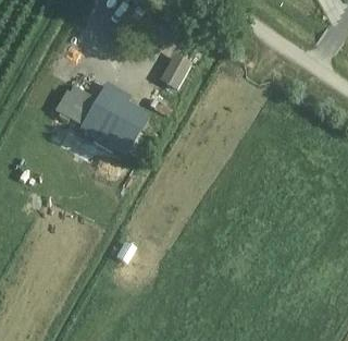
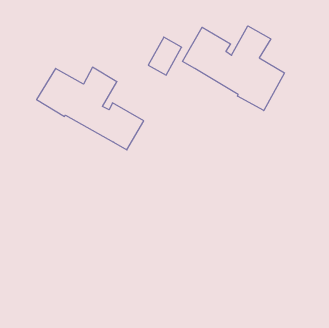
building: none -> [183,26,284,111]

